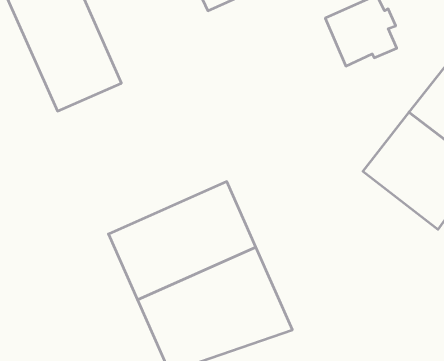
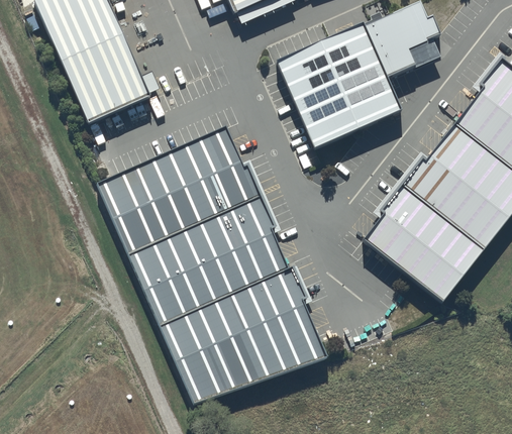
building: none -> [280,22,402,144]
building: none -> [100,127,260,255]
building: none -> [366,188,487,302]

